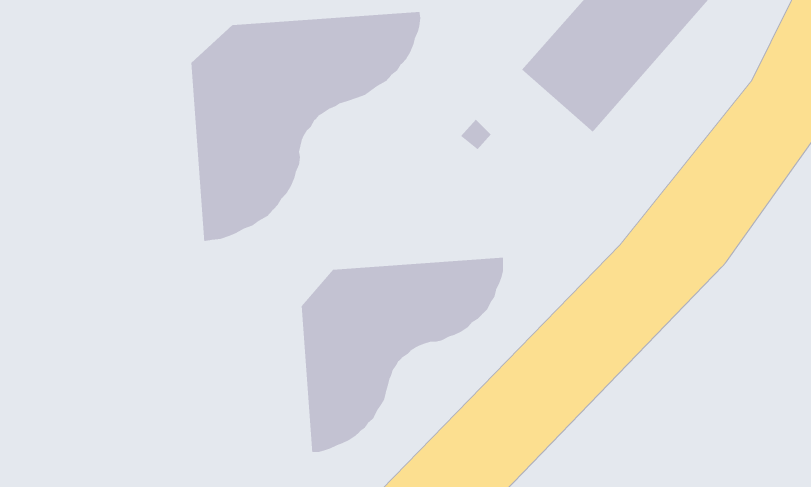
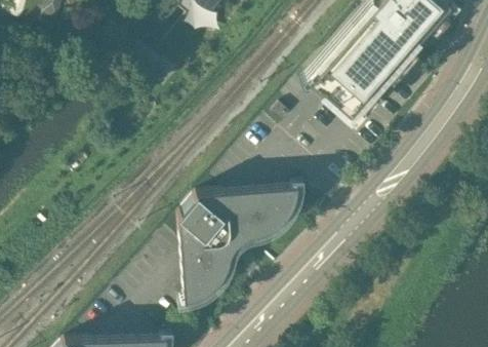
building: [191,11,421,242] -> none

